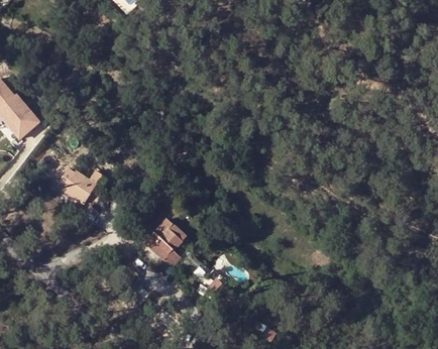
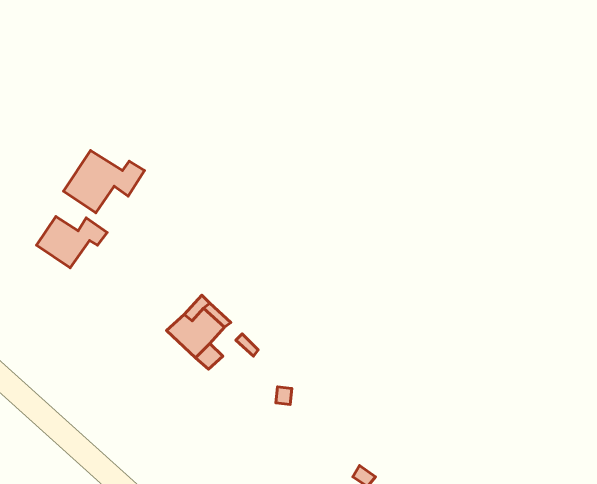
building: none -> [63,150,145,213]

